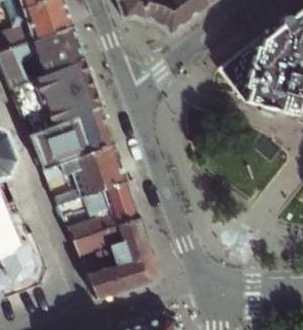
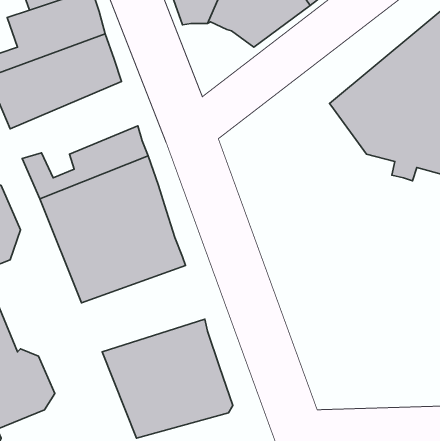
building: [9,57,95,109] -> none
building: [57,181,140,239] -> none

